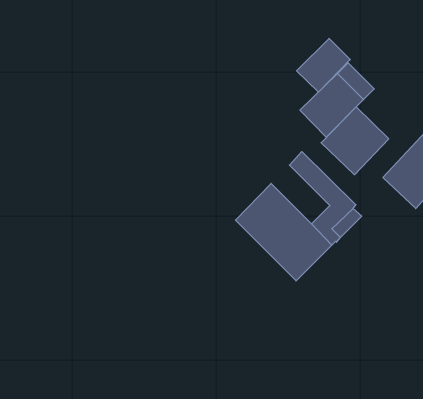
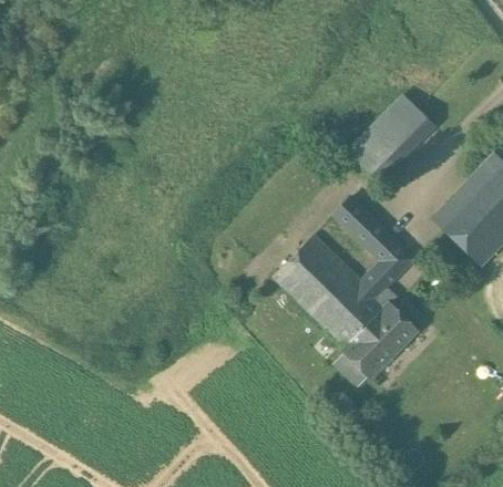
building: [297,38,350,92] -> none
building: [321,107,389,175] -> none
building: none -> [339,301,417,380]

